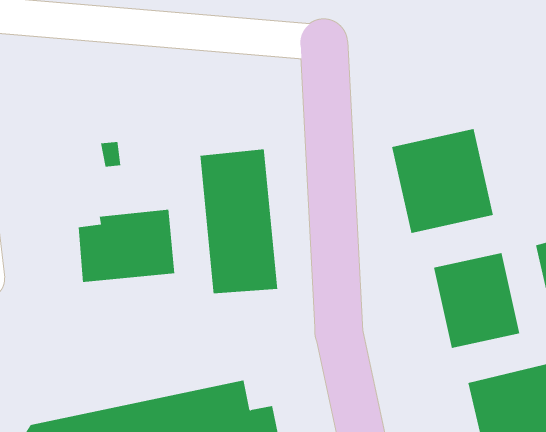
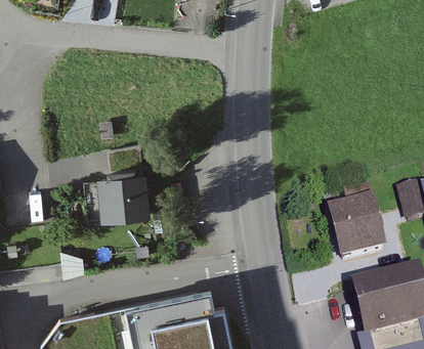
building: [391,128,494,234] -> none
building: [200,149,278,294] -> none

